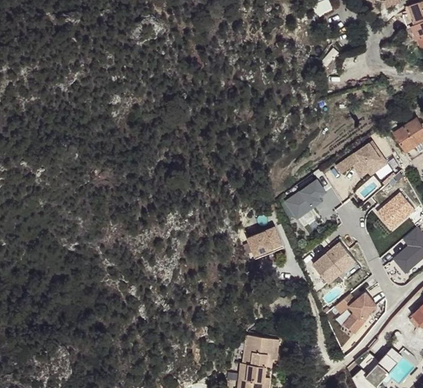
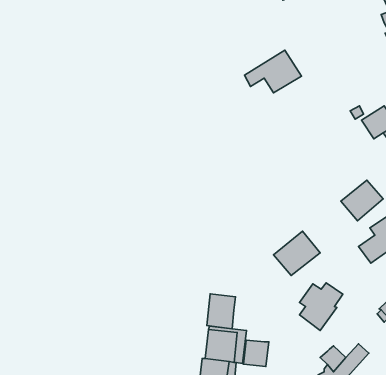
building: [333,139,388,180] -> [244,50,301,93]
building: [281,177,325,221] -> none
building: [243,225,282,259] -> none
building: none -> [207,294,236,329]
building: none -> [244,340,269,367]

